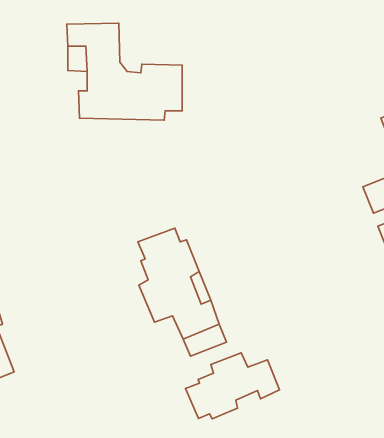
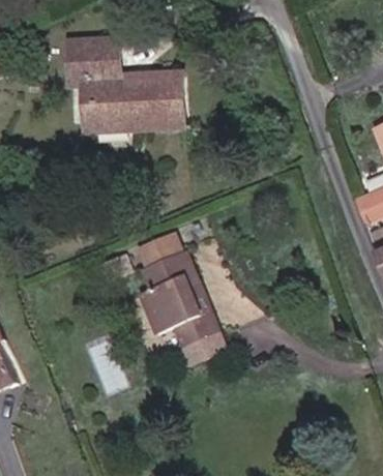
building: [185,353,279,419] -> none

